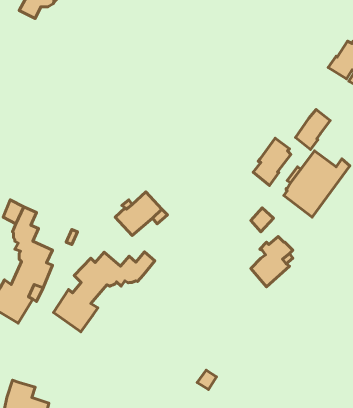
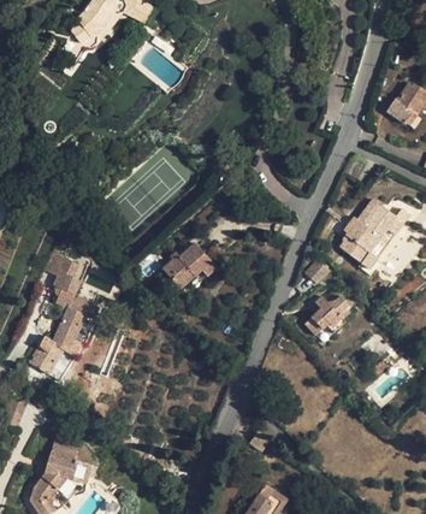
building: [296,109,330,149] -> none
building: [253,138,291,186] -> none
building: [53,252,155,332] -> none

